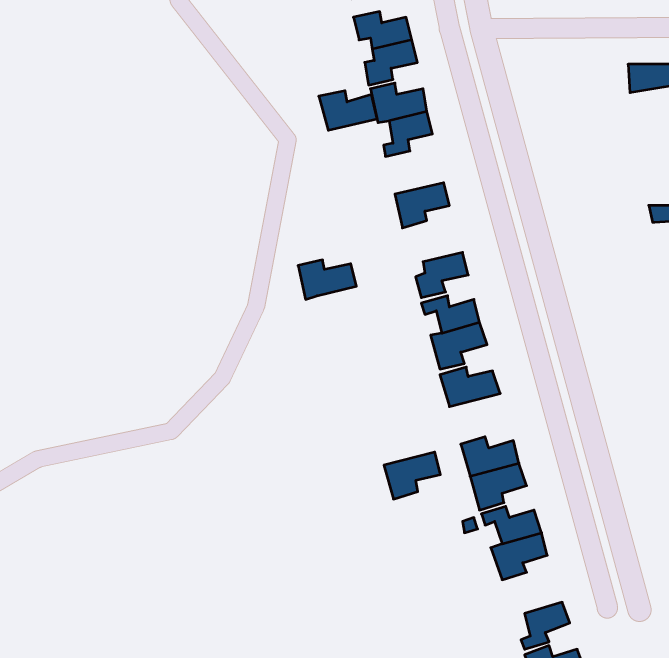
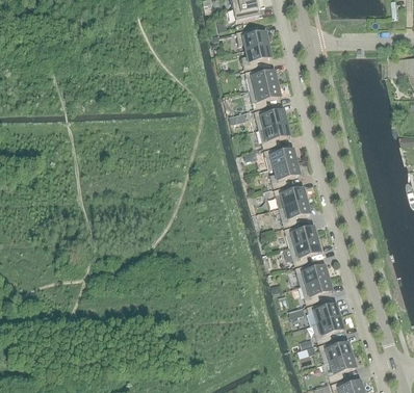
building: [319,91,377,130] -> [254,106,286,128]
building: [298,260,356,299] -> [264,146,296,167]
building: [384,452,440,499] -> [289,238,320,264]
building: none -> [318,339,352,362]

